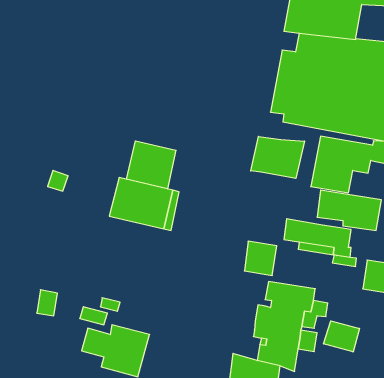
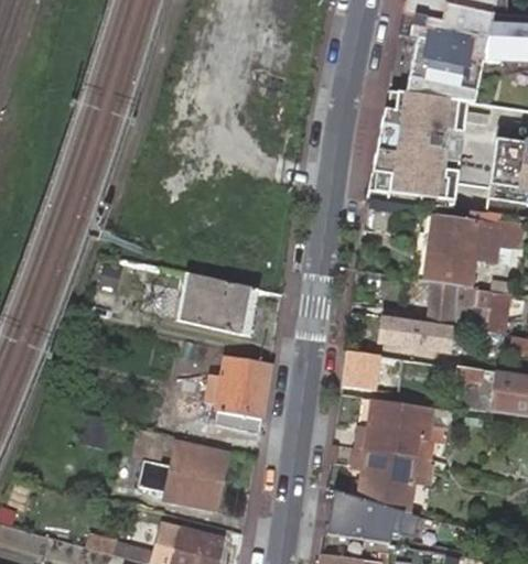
building: [251,136,304,178] -> none
building: [127,141,176,189] -> none
building: none -> [200,352,268,443]
building: [324,321,359,352] -> none

